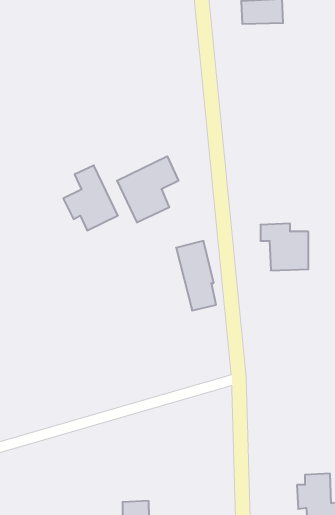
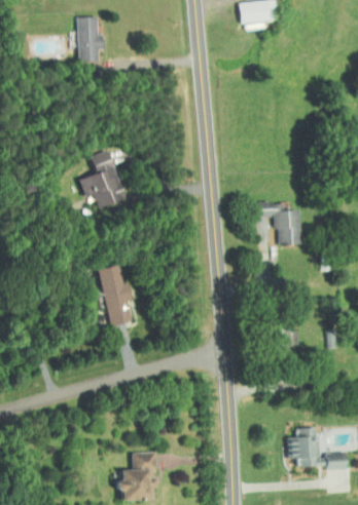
building: none -> [77,16,104,62]
building: [117,156,178,223] -> none
building: [176,241,216,311] -> [97,263,133,325]

